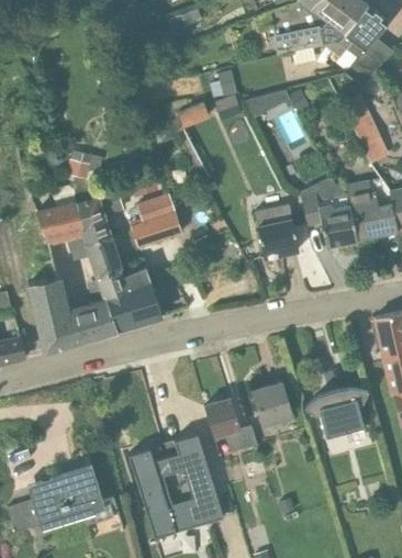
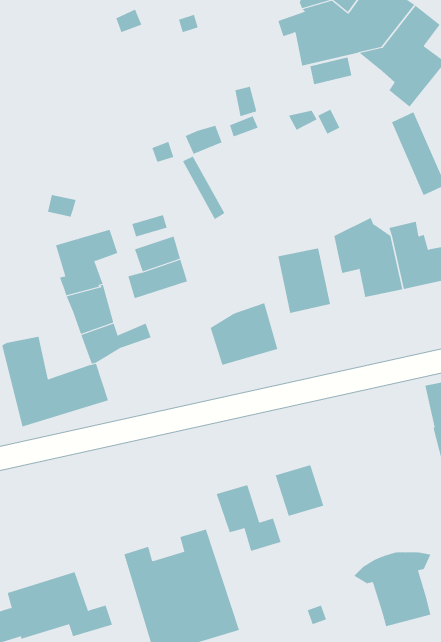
building: [36,200,80,246] -> none
building: [107,278,163,330] -> [210,303,278,365]
building: [304,389,368,450] -> [353,552,431,627]

